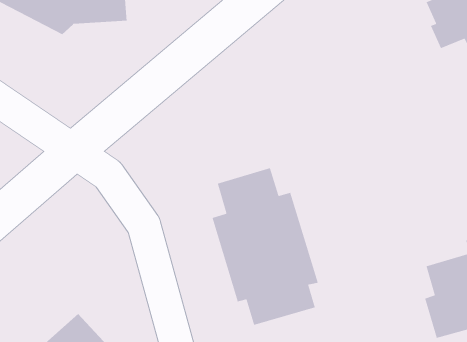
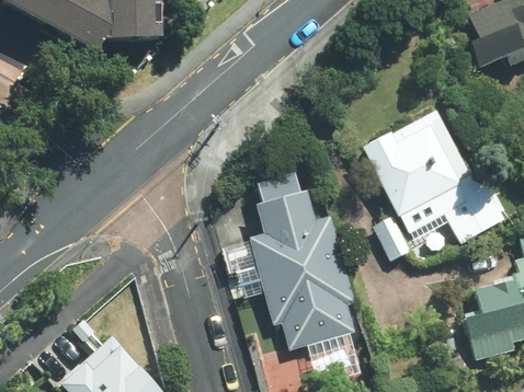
building: none -> [363,109,503,244]

